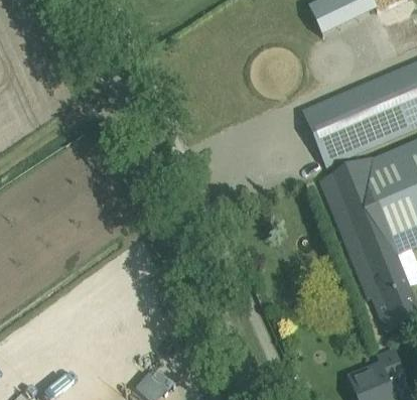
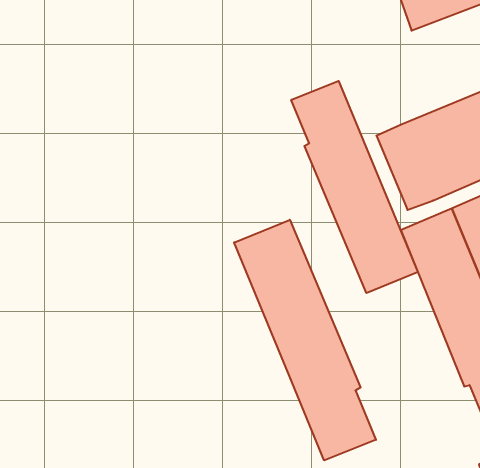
building: none -> [291,81,418,293]
building: none -> [234,220,376,460]

